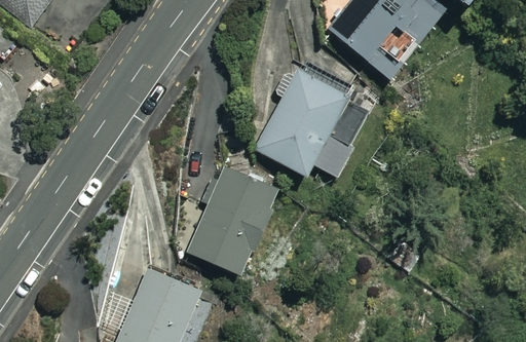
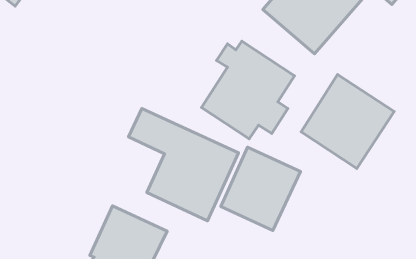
building: none -> [301,75,394,168]
building: none -> [221,147,300,230]

